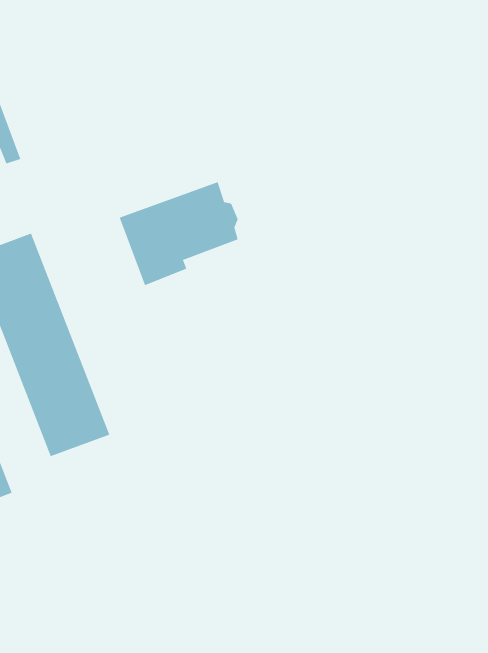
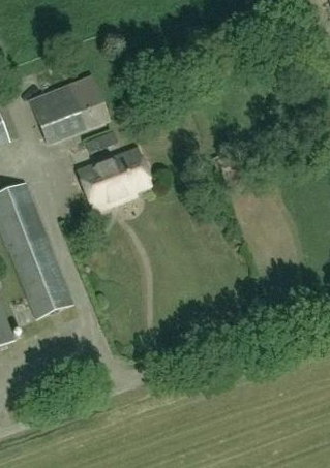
building: none -> [29,77,107,141]

